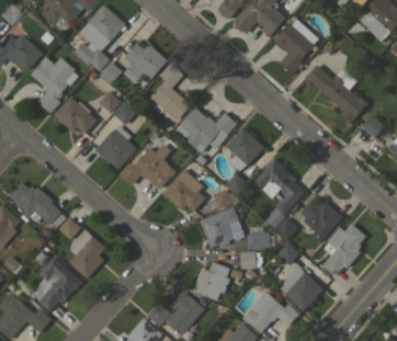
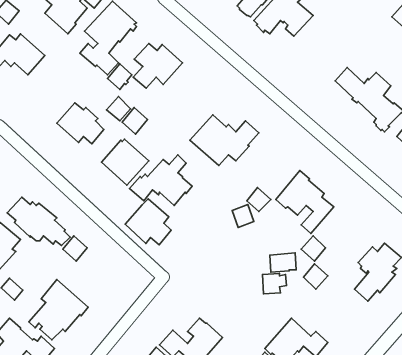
building: [275,20,318,75] -> none
building: [31,56,78,114] -> none
building: [146,64,191,122] -> none
building: [226,127,264,171] -> none
building: [163,170,205,212] -> [125,199,171,245]
building: [300,198,343,243] -> none
building: [200,207,240,248] -> none
building: [69,231,105,279] -> none
building: [193,262,230,302] -> none
building: [283,266,325,312] -> none

